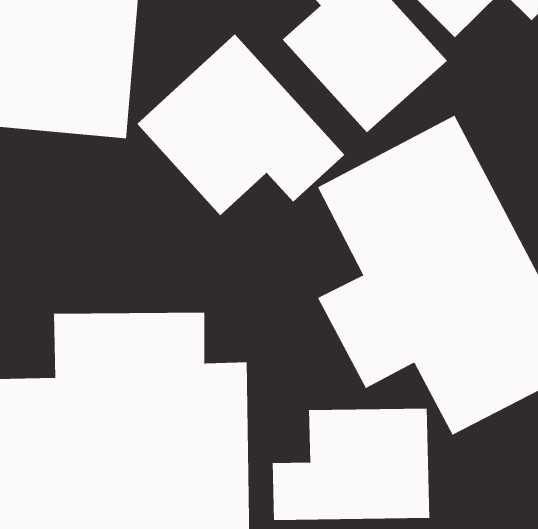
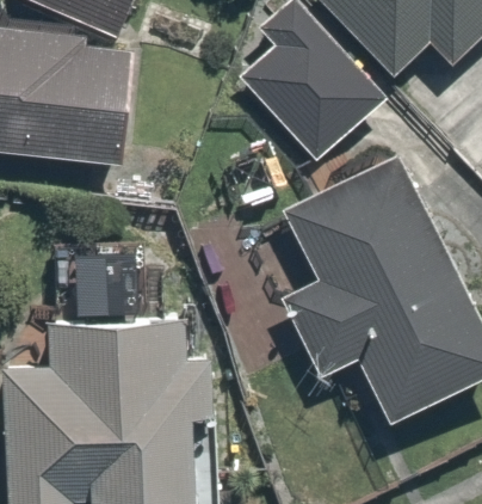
building: [137,34,345,216] -> none
building: [272,408,430,521] -> none

